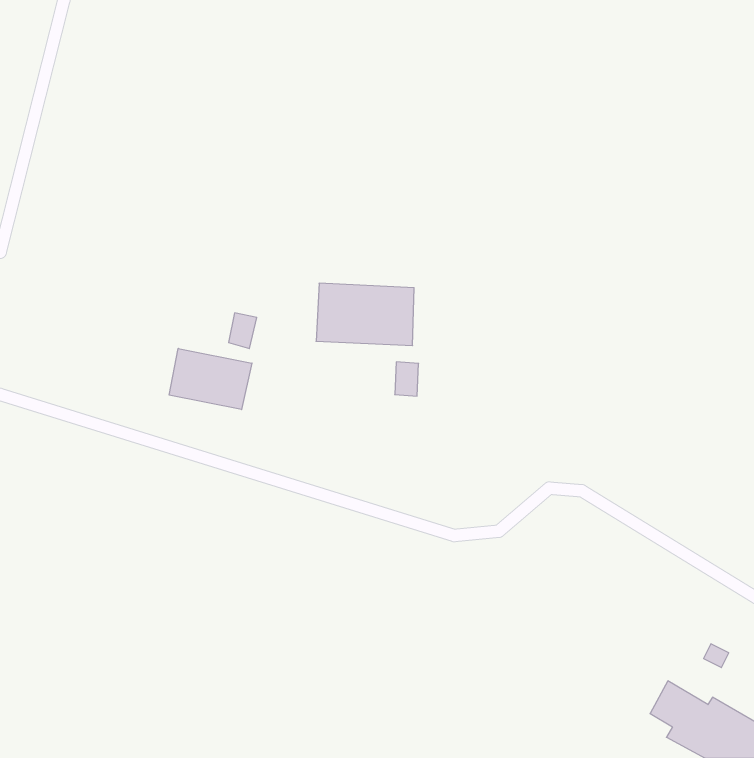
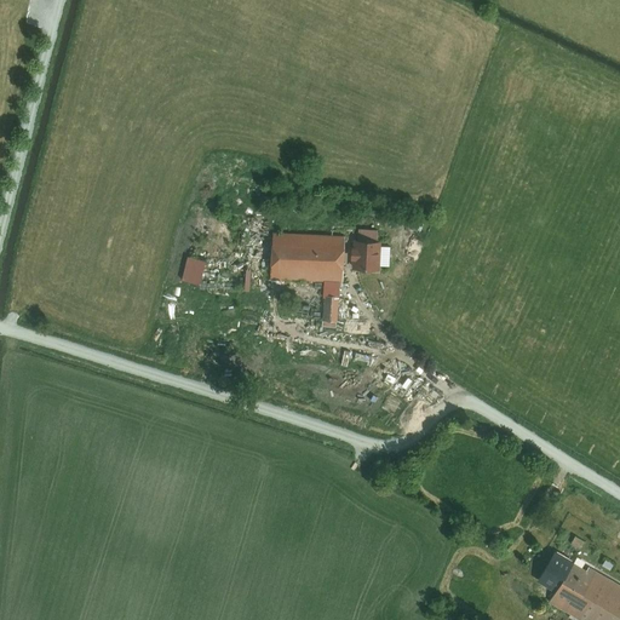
building: none -> [360,242,391,271]
building: [169,348,252,410] -> none

